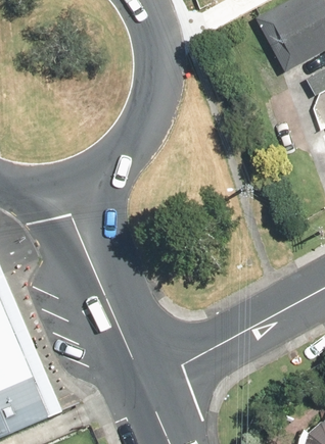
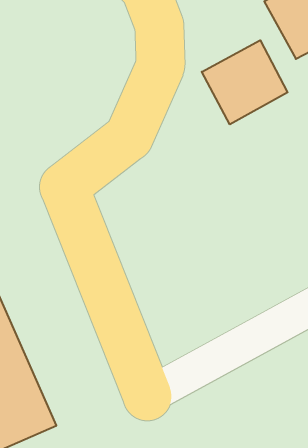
building: none -> [202,40,288,124]

